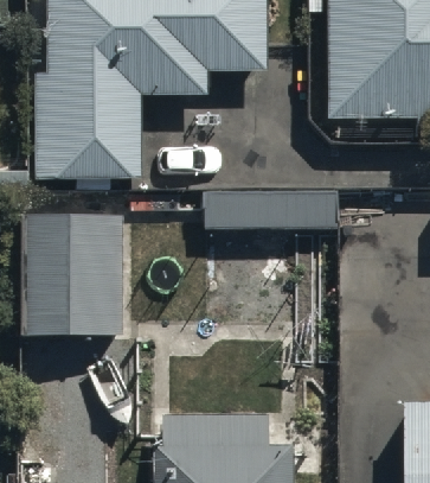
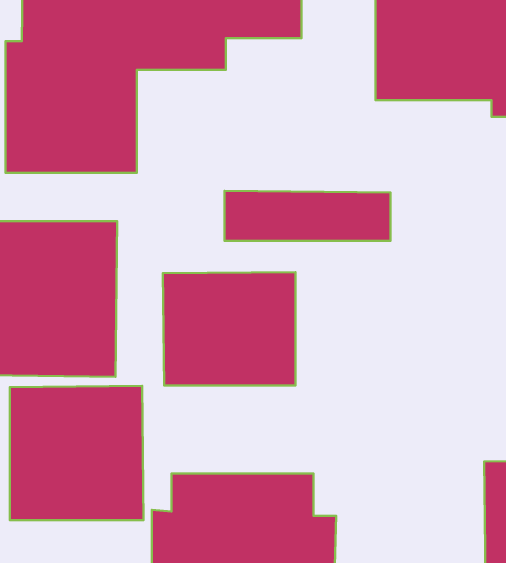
building: none -> [163,272,295,385]
building: none -> [10,386,144,520]

